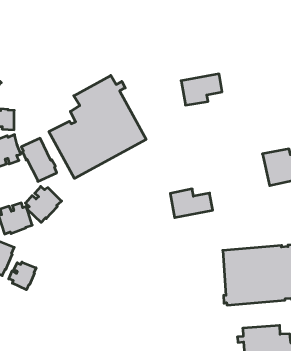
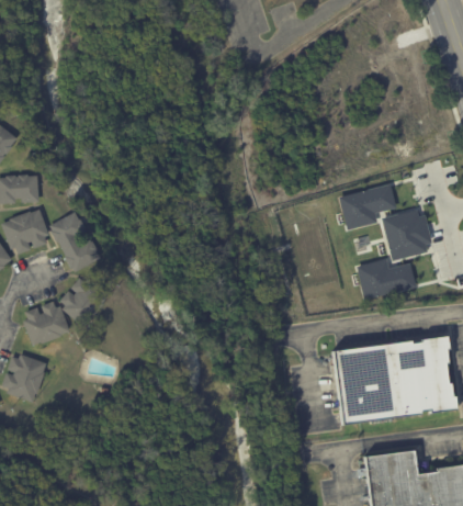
building: [181,74,222,105] -> [339,182,396,227]
building: [49,75,146,178] -> none
building: [170,189,213,218] -> [357,257,416,297]
building: [9,262,36,290] -> none

